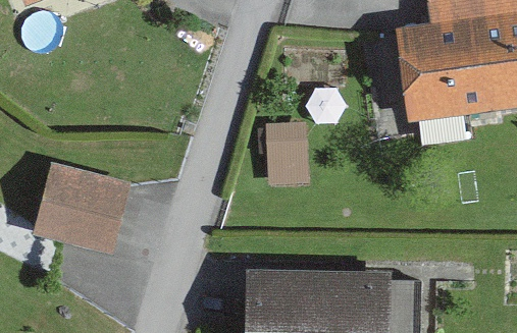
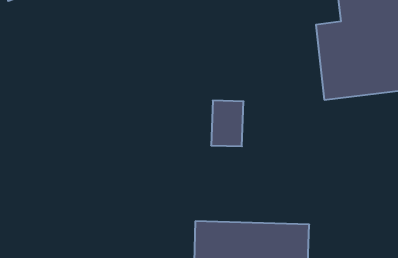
building: [34,160,133,255] -> none

